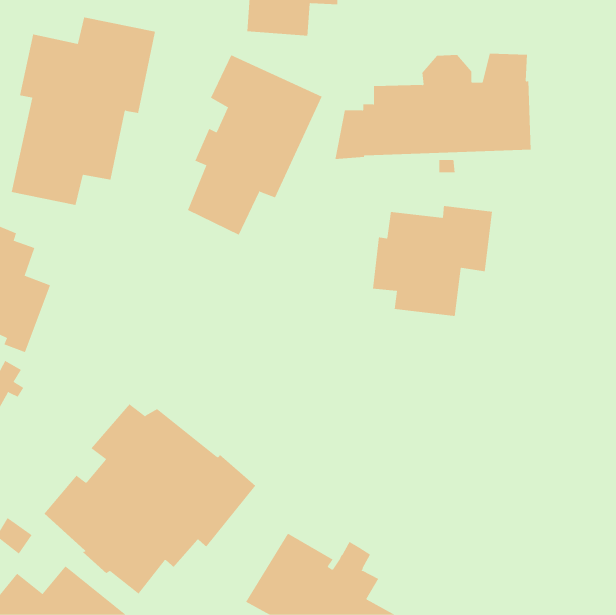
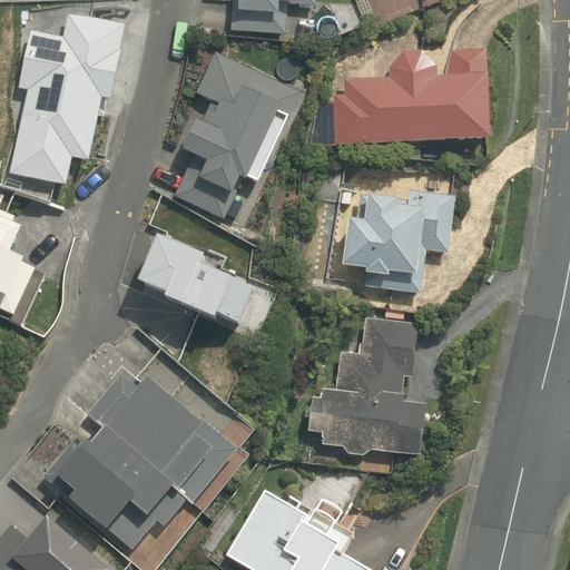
building: none -> [137,234,252,323]
building: none -> [308,320,424,454]

